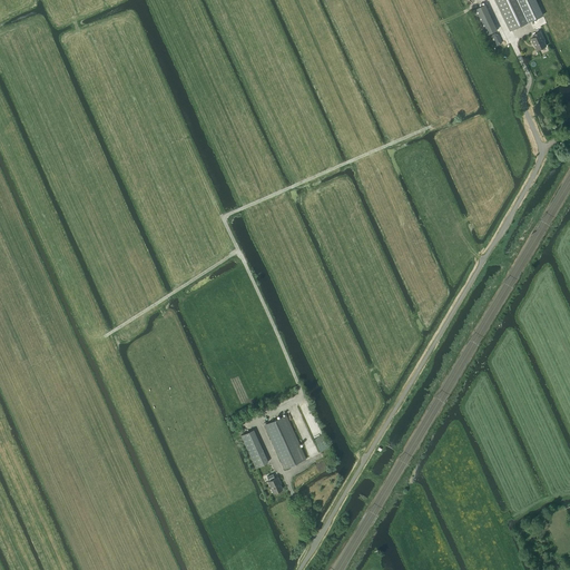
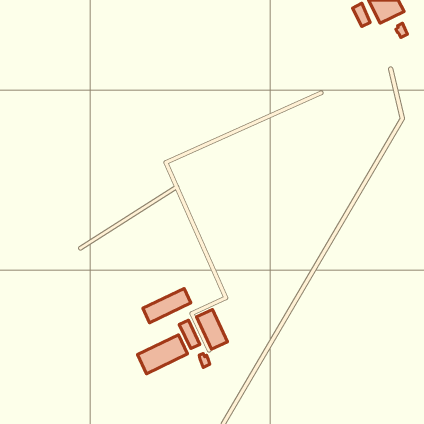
building: none -> [143,288,191,323]
building: none -> [137,335,187,374]

